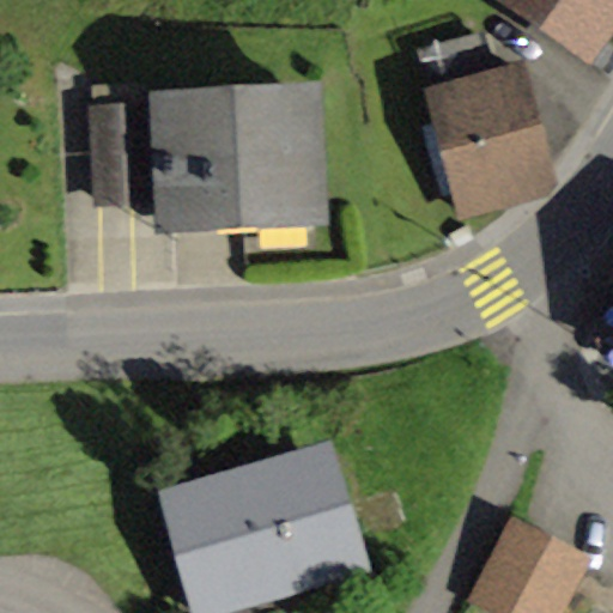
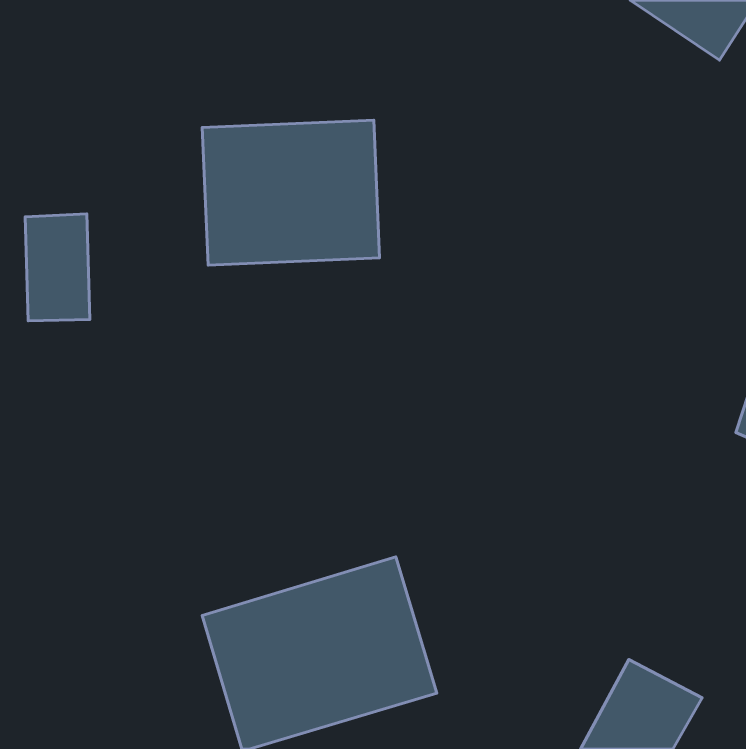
building: [423,38,551,212] -> none
building: [97,113,150,200] -> [25,214,90,321]

